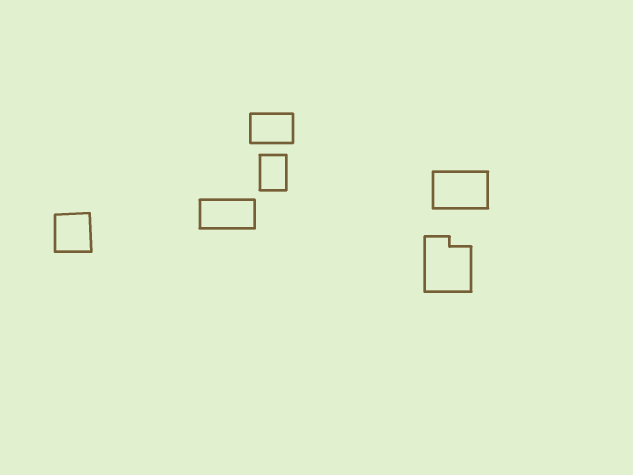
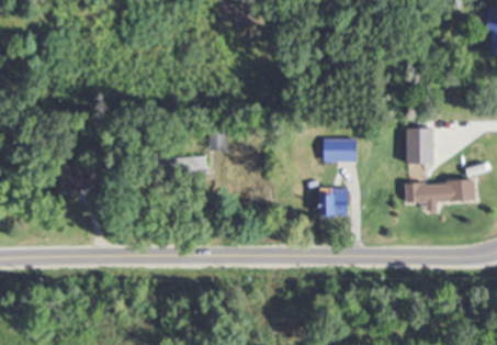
building: [251,114,293,143] -> none
building: none -> [408,127,433,164]
building: none -> [405,183,449,204]

